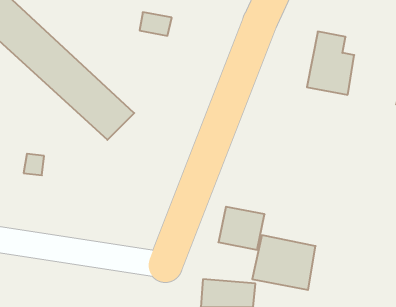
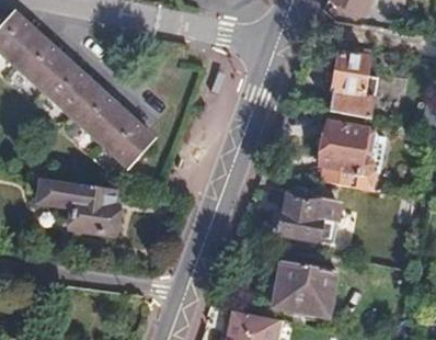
building: none -> [319,121,378,173]
building: none -> [71,184,117,235]
building: [218,207,265,250] -> [276,195,323,239]

